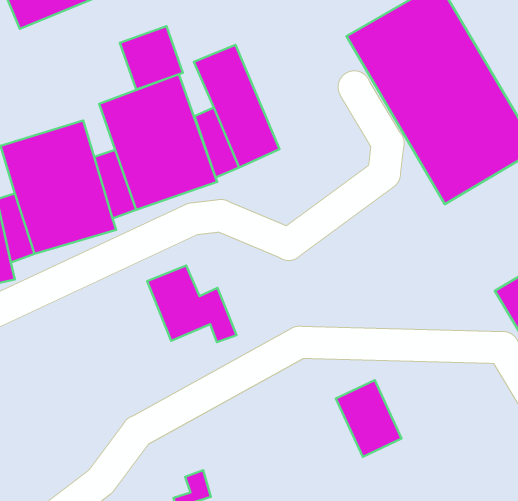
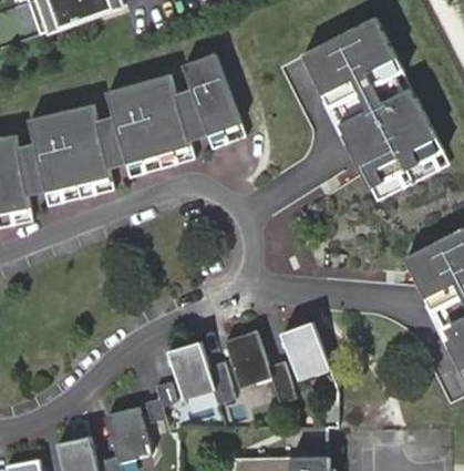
building: [120,26,183,89] -> none
building: [147,266,236,342] -> [163,342,229,403]
building: none -> [217,332,290,403]

